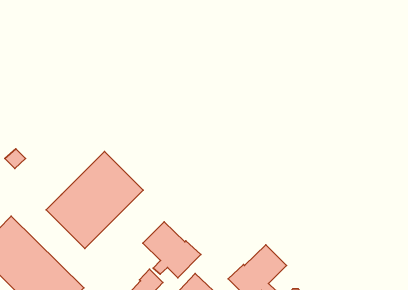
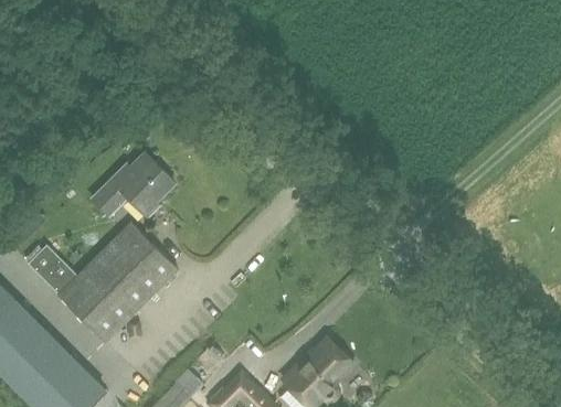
building: none -> [94,154,176,214]
building: none -> [29,245,77,294]
building: [143,222,201,278] -> none

